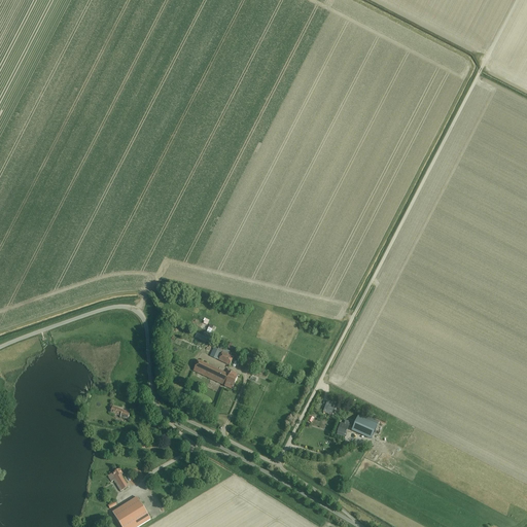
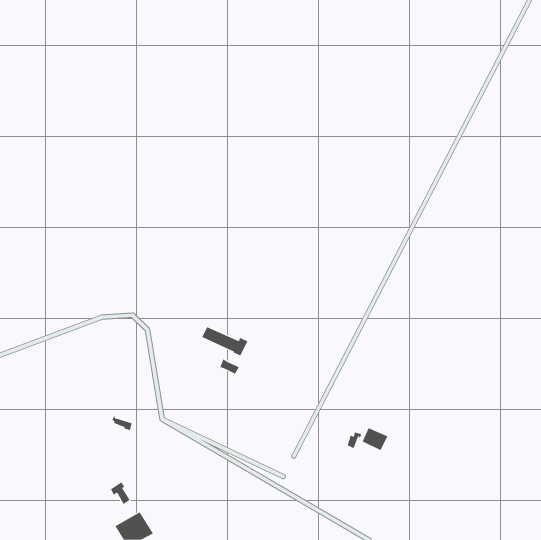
building: [192,359,238,388] -> [201,326,248,356]

